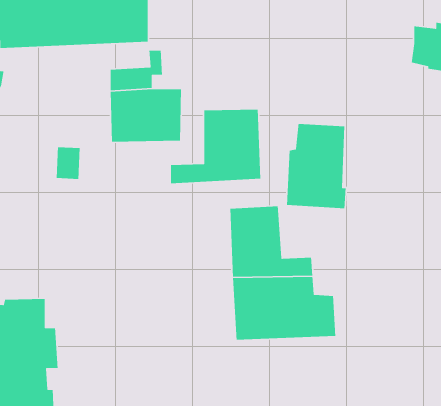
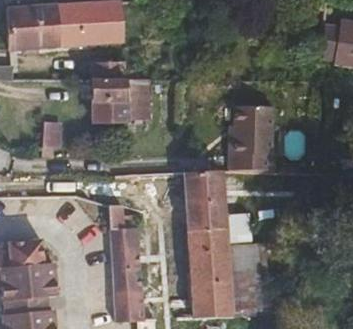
building: [170,109,261,184] -> none
building: none -> [108,201,142,319]
building: none -> [189,271,269,315]

